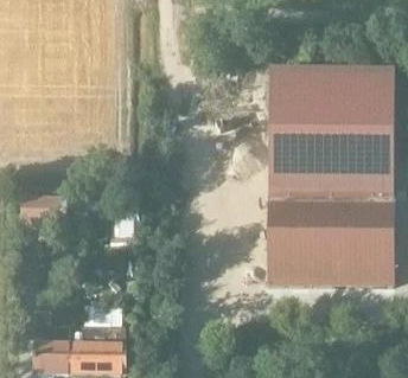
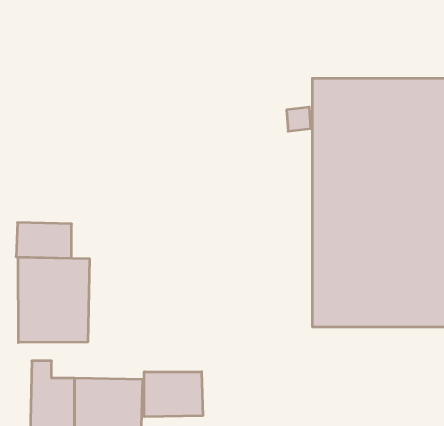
building: none -> [18,257,89,343]
building: none -> [144,372,203,417]

